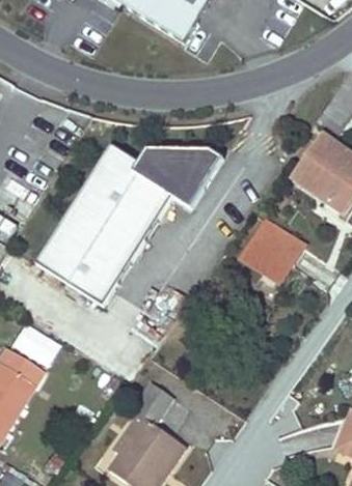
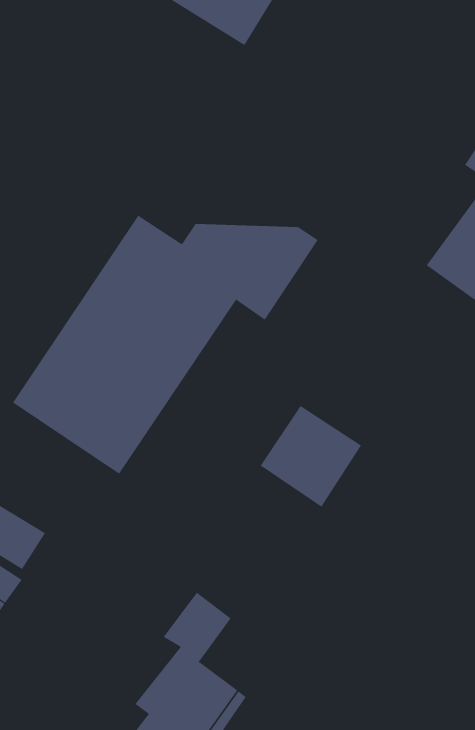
building: [241,219,304,282] -> [260,405,362,507]

